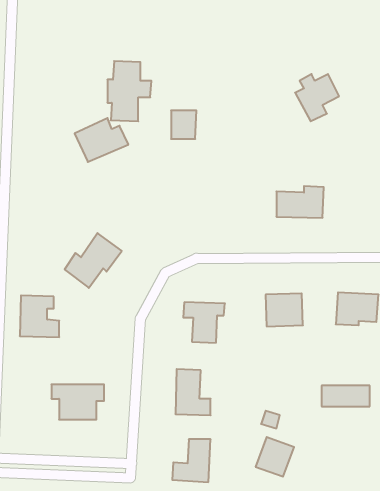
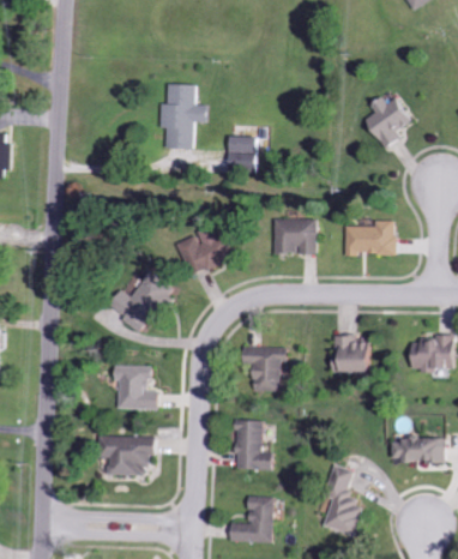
building: [75,118,128,162] -> [175,227,234,275]
building: none -> [273,218,317,253]
building: [20,295,59,337] -> [115,365,158,410]

